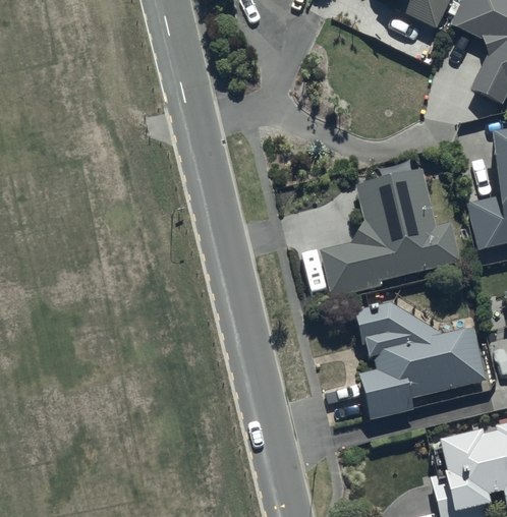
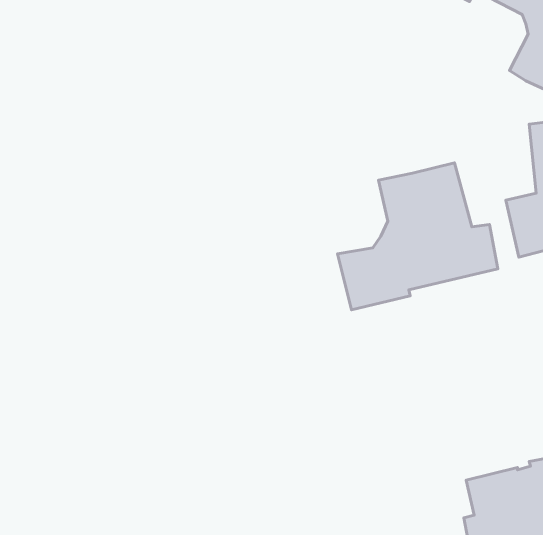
building: [355,301,488,419] -> none

